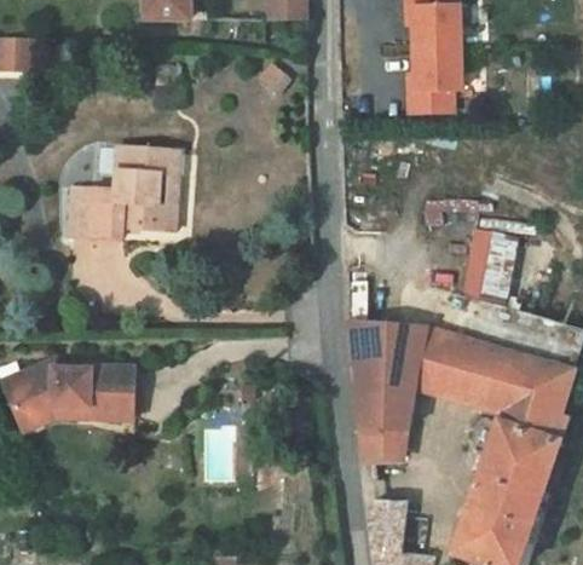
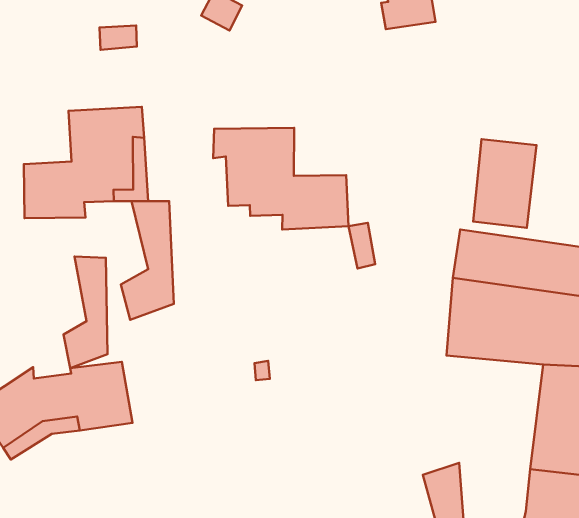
building: none -> [213,128,349,229]
building: none -> [121,201,174,320]
building: none -> [63,256,107,368]
building: [354,336,426,475] -> none

